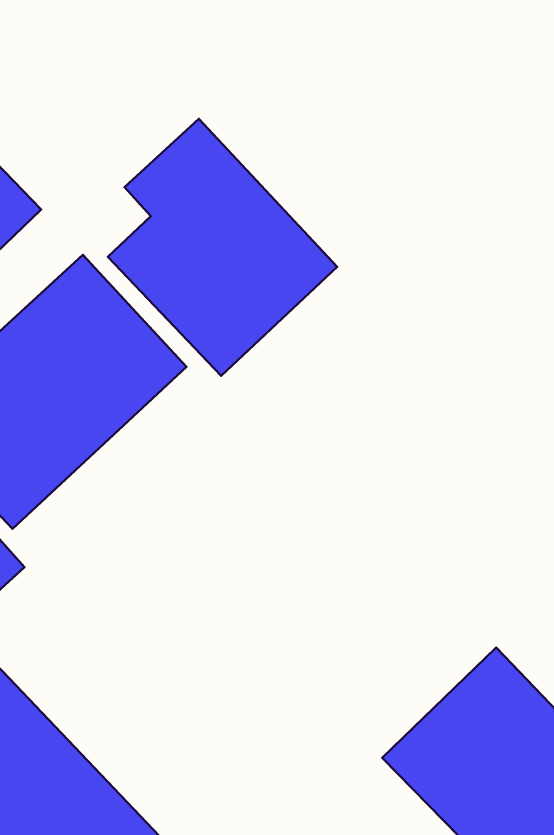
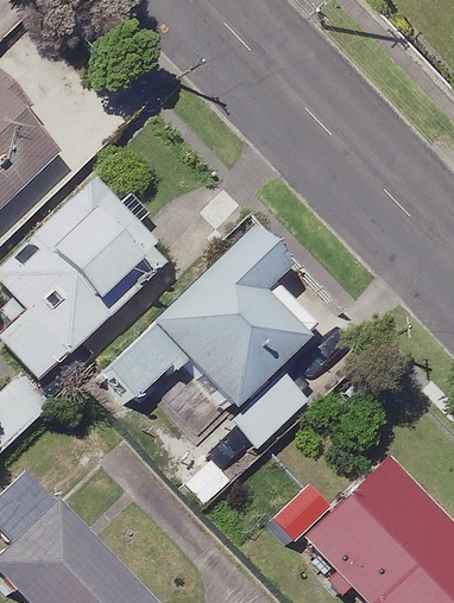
building: [108,119,337,376] -> none
building: none -> [106,229,319,411]

